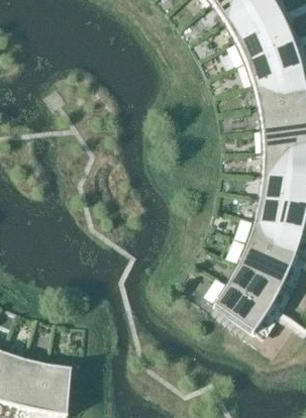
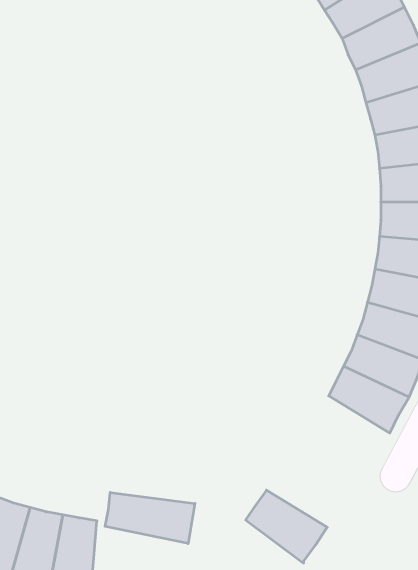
building: [215,282,271,331] -> [246,490,327,563]
building: none -> [105,492,195,544]

